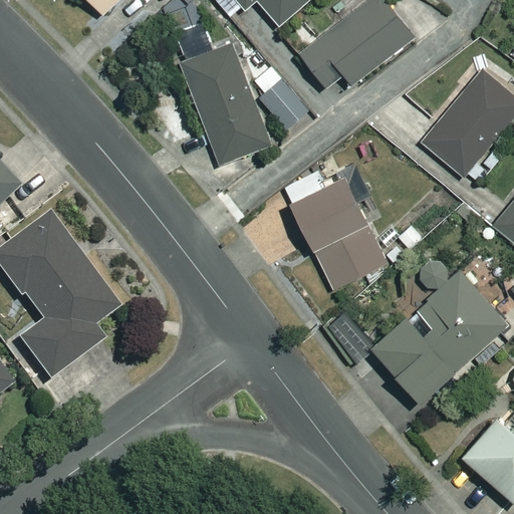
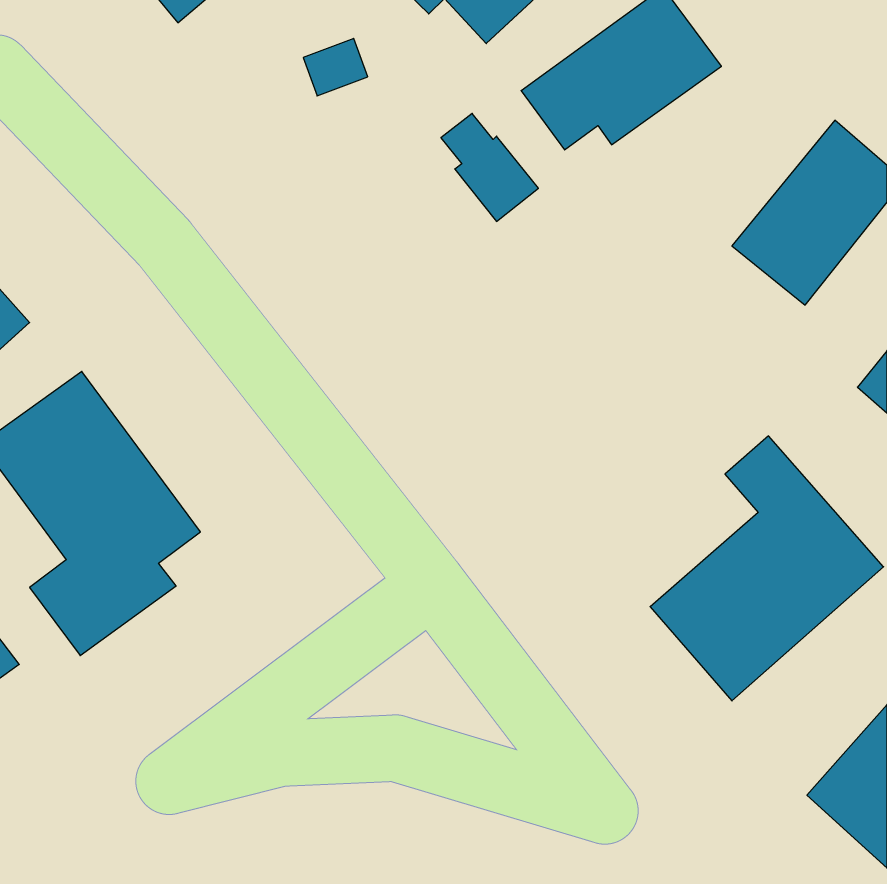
building: [182,43,270,162] -> none
building: [284,170,390,289] -> none

